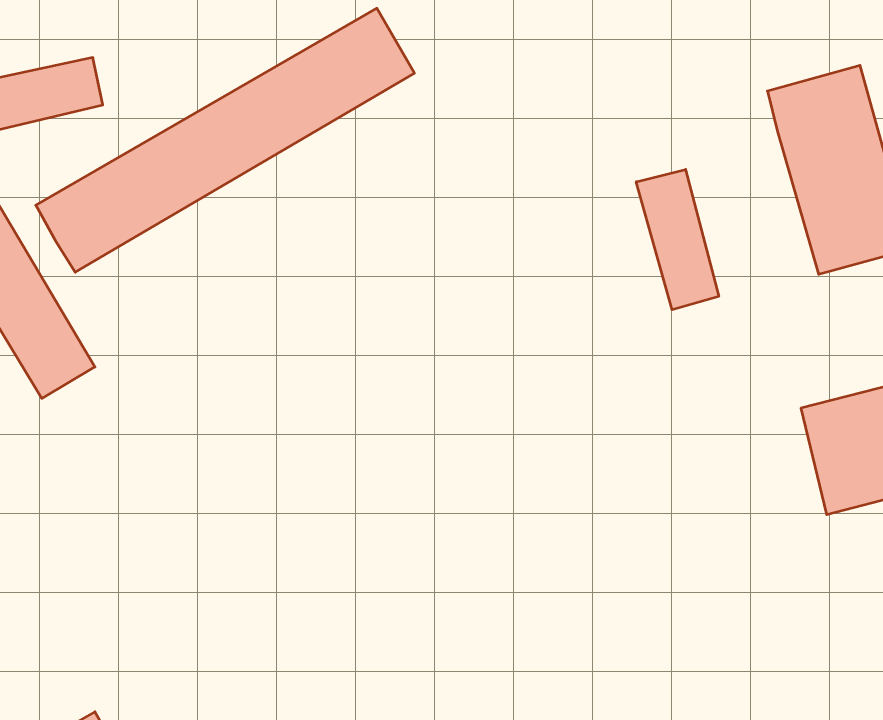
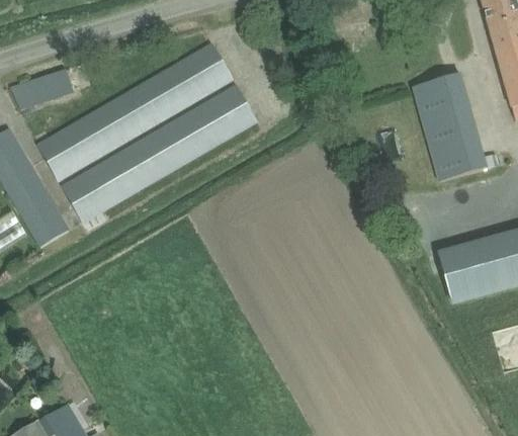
building: none -> [61,85,256,222]
building: [636,169,719,310] -> none

